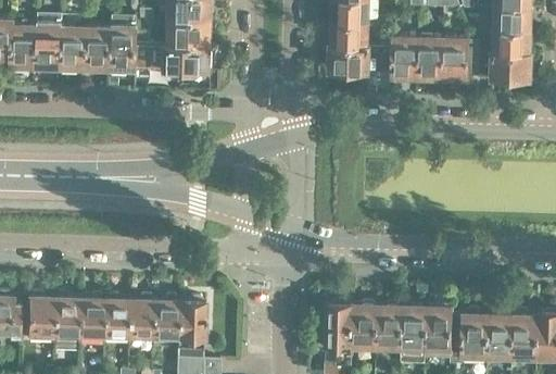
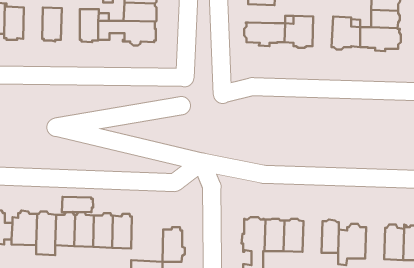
building: [330,21,367,46] -> none
building: [36,25,62,68] -> none
building: [86,26,111,70] -> none
building: [417,37,444,79] -> none
building: none -> [62,197,93,212]
building: [178,297,207,342] -> [162,227,185,262]
building: [404,304,430,348] -> none
building: [486,310,513,357] -> none

